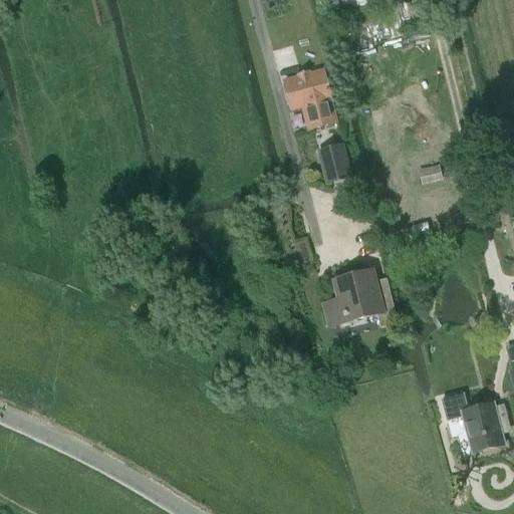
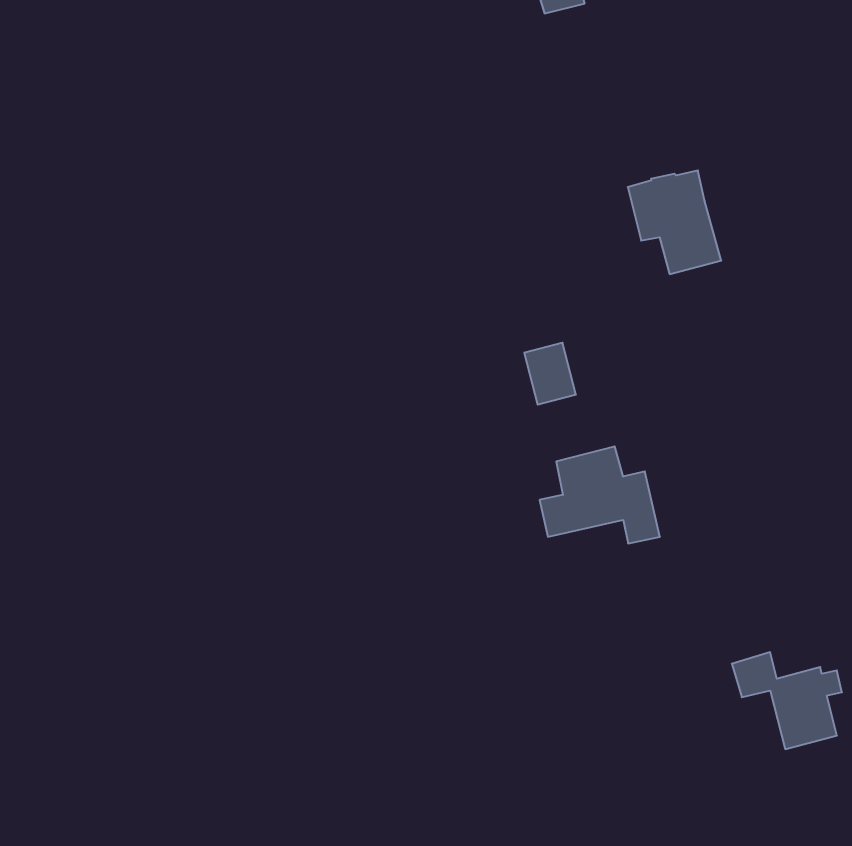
building: [281,66,337,128] -> [628,170,721,274]
building: [318,142,349,179] -> [524,343,576,405]

